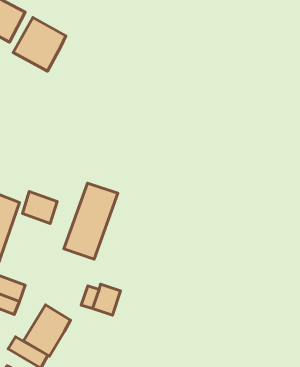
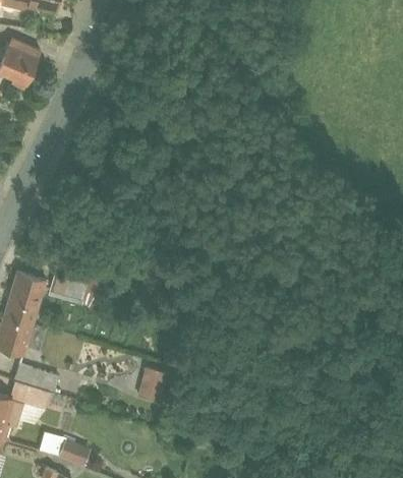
building: [13,18,66,71] -> none
building: [64,183,118,259] -> none
building: [23,305,70,356] -> none

